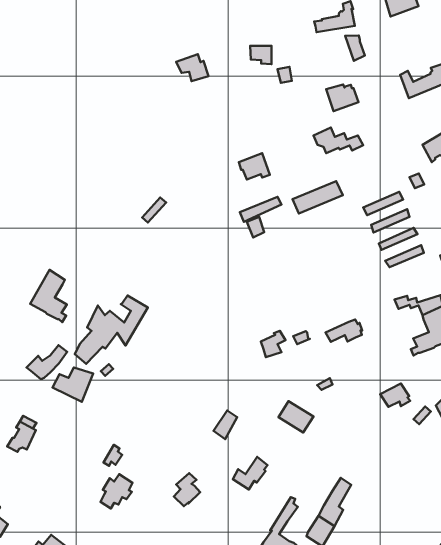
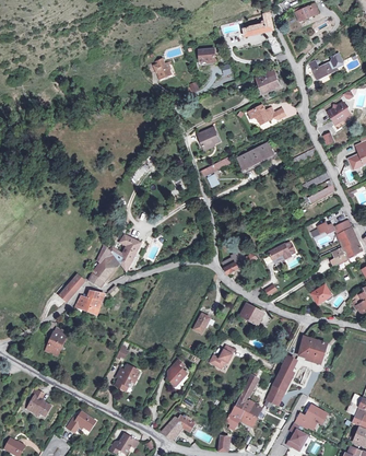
building: [30,270,67,322] -> none
building: none -> [299,336,327,364]

